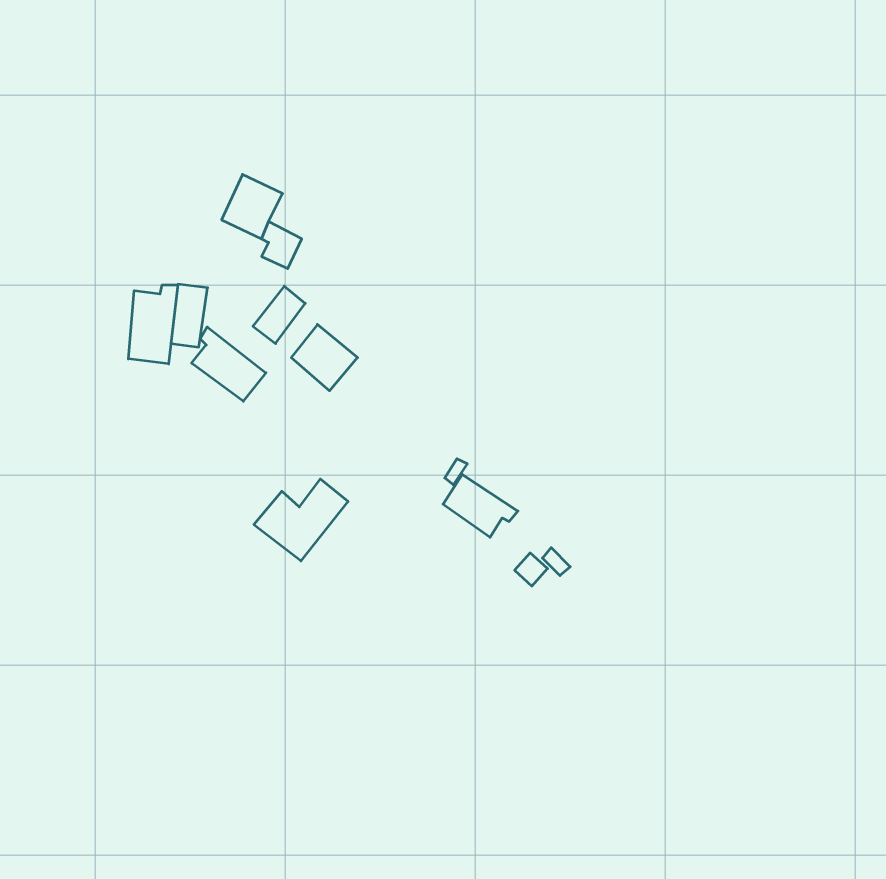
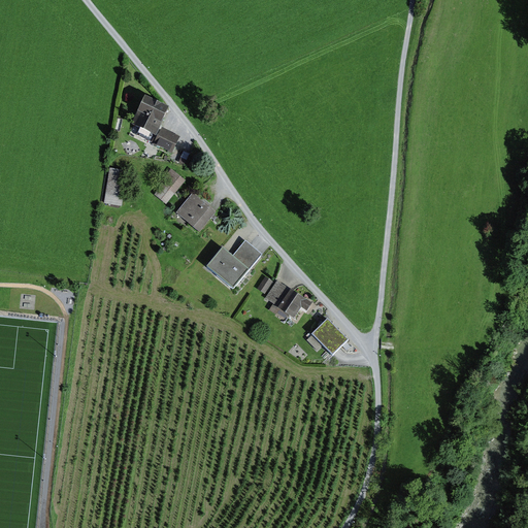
building: [128,285,178,364] -> none
building: [192,327,266,401] -> none
building: [254,479,348,561] -> [205,240,261,289]

